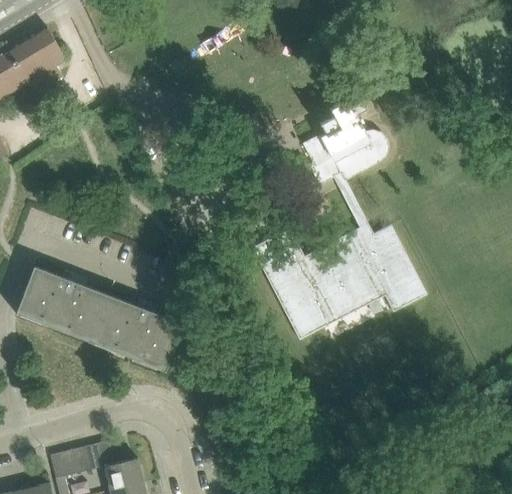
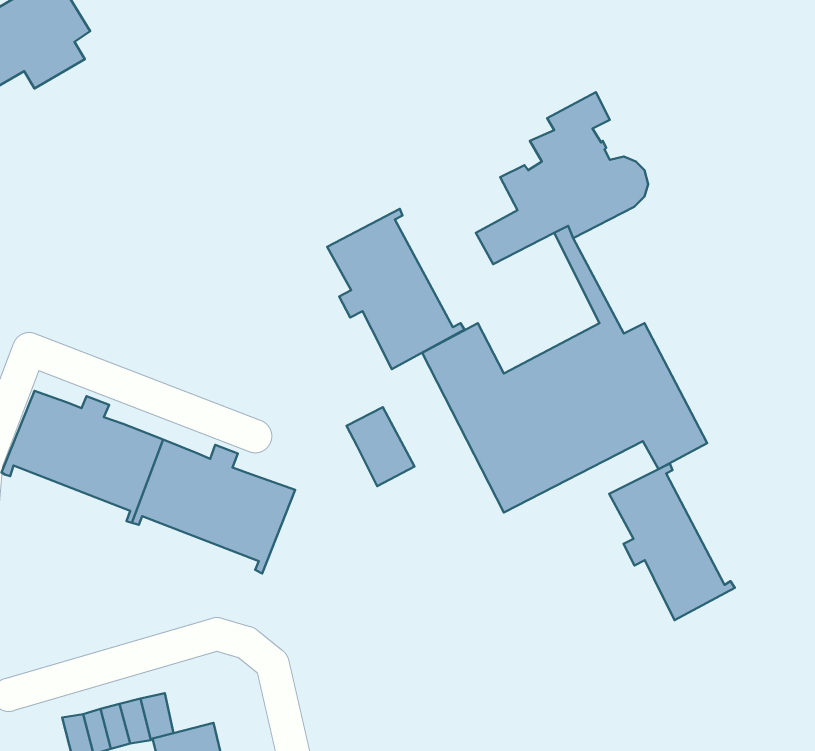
building: none -> [327,209,465,369]
building: none -> [347,407,414,486]
building: none -> [609,463,735,620]

